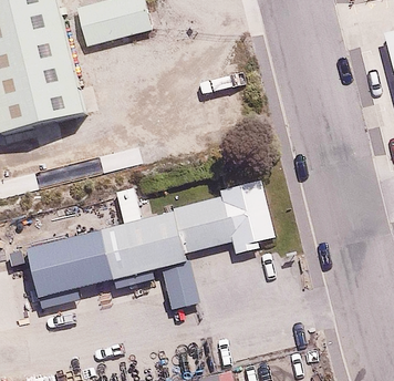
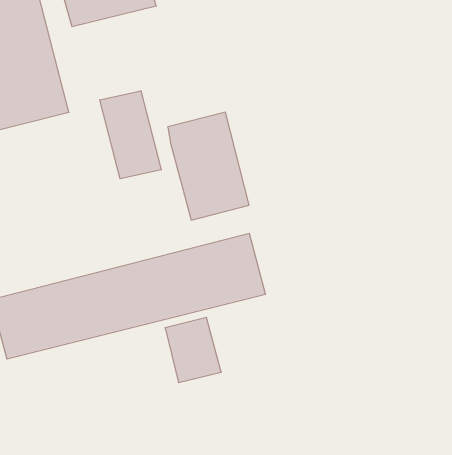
building: none -> [100,91,161,179]
building: [216,178,277,259] -> [168,112,249,220]

